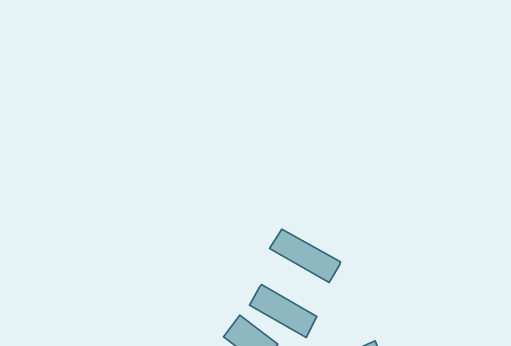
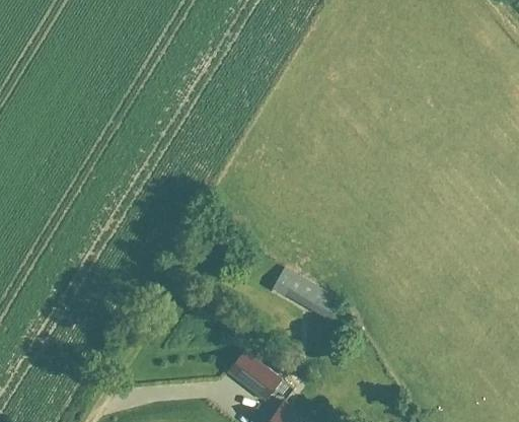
building: [249,285,317,337] -> none

